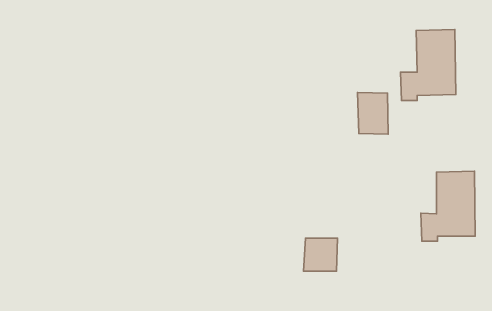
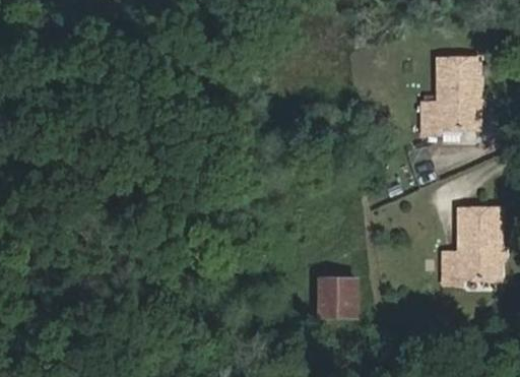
building: [357,92,388,134] -> none

